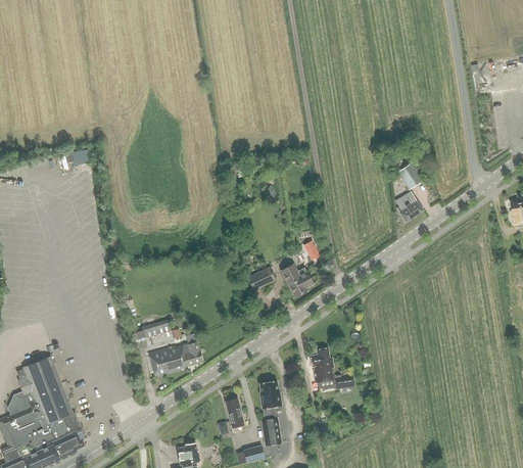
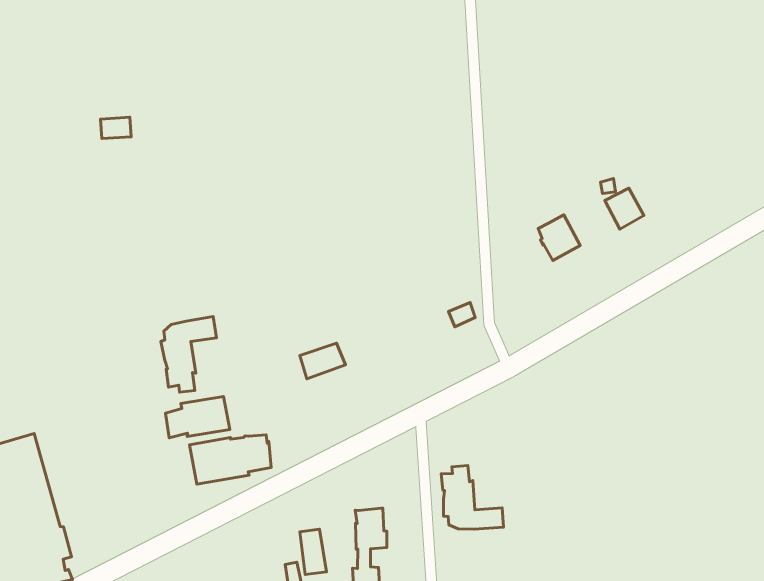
building: [394,191,422,221] -> [538,215,580,261]
building: [281,264,313,296] -> none
building: [246,267,276,291] -> [300,343,345,379]
building: none -> [161,317,217,392]

